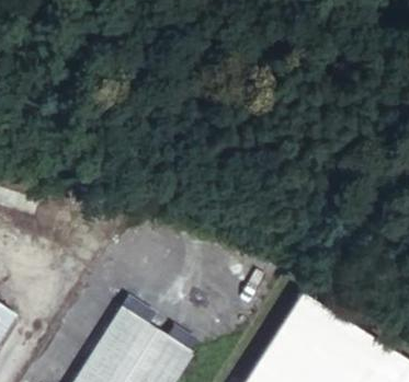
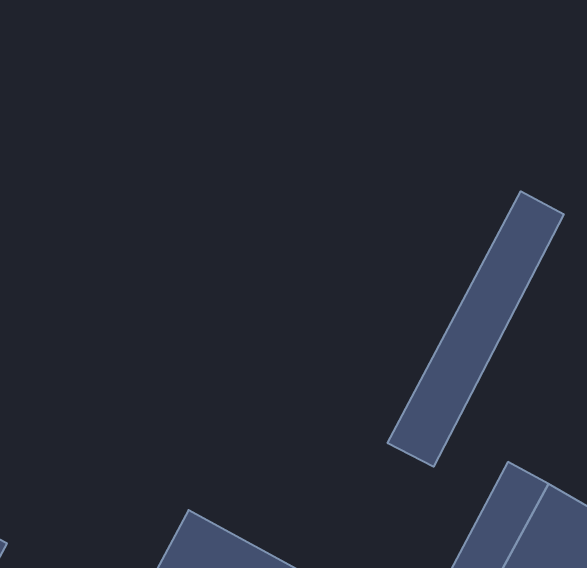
building: none -> [388,191,564,467]

